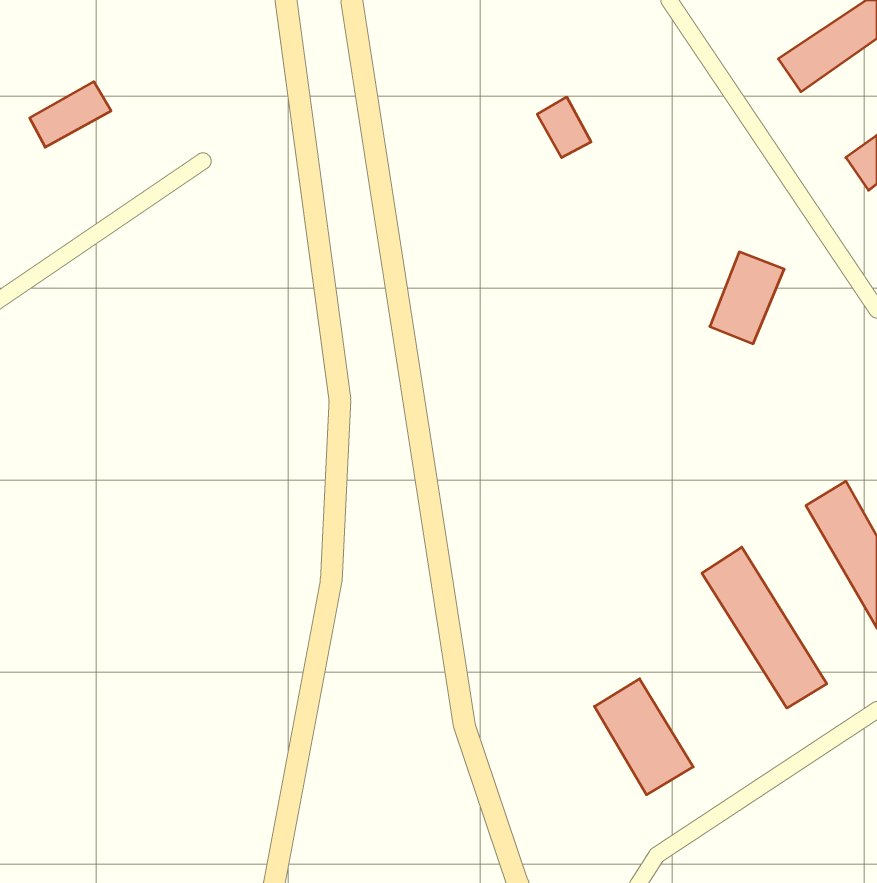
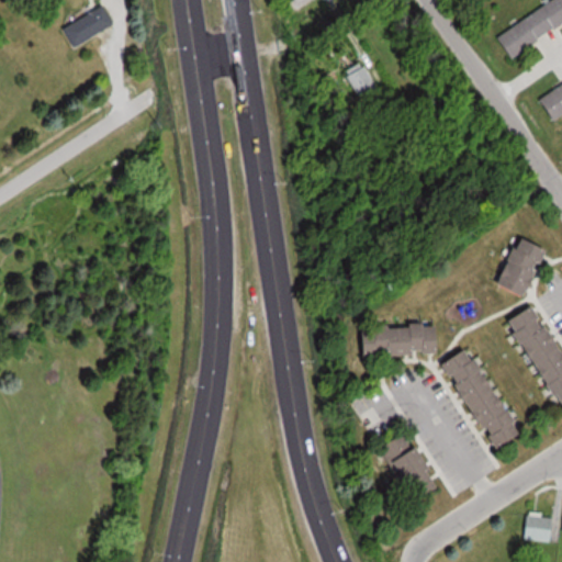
building: [30,82,111,147] -> [60,7,112,48]
building: [710,252,784,344] -> [499,238,547,296]
building: none -> [362,327,439,356]
building: none -> [520,517,551,541]

